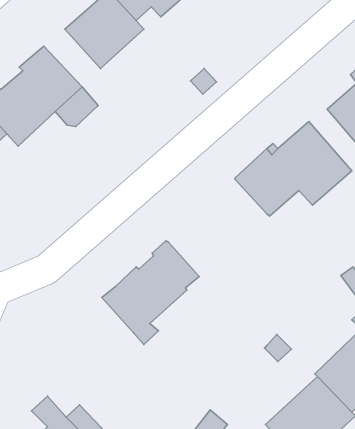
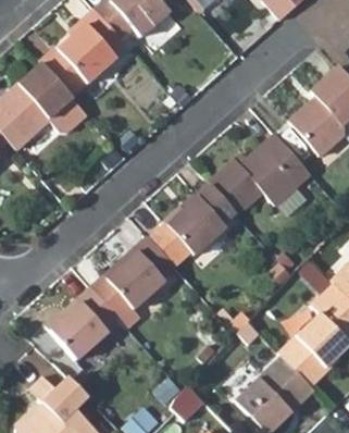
building: none -> [149,182,236,270]
building: none -> [48,286,119,359]

